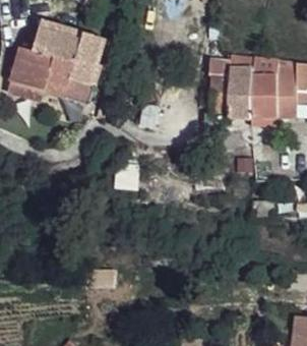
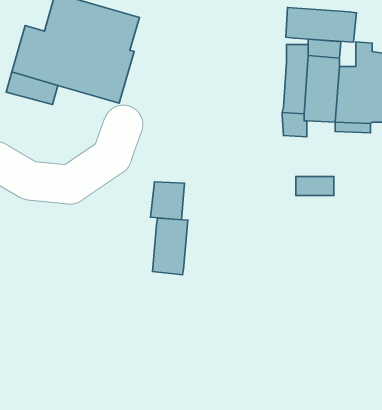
building: none -> [286,8,356,42]
building: none -> [153,218,188,275]

